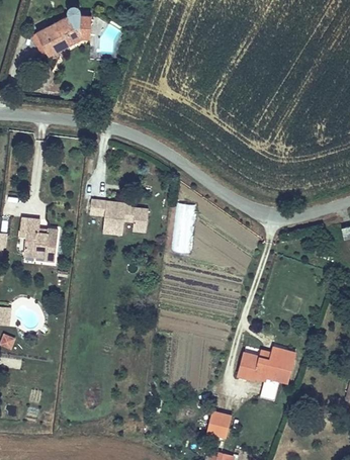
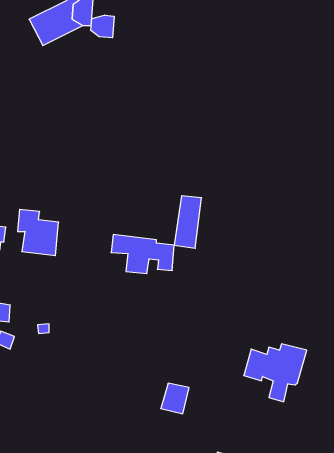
building: none -> [91,15,114,38]
building: [88,198,149,236] -> [111,235,174,274]
building: [205,409,233,439] -> [161,383,189,414]

